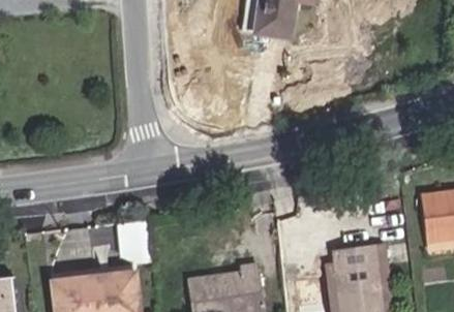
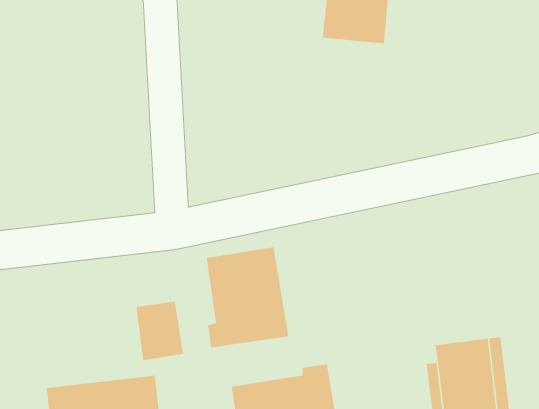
building: none -> [206,247,289,348]

